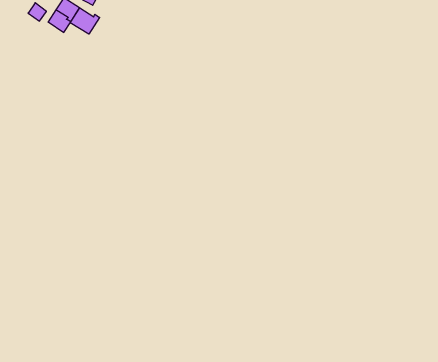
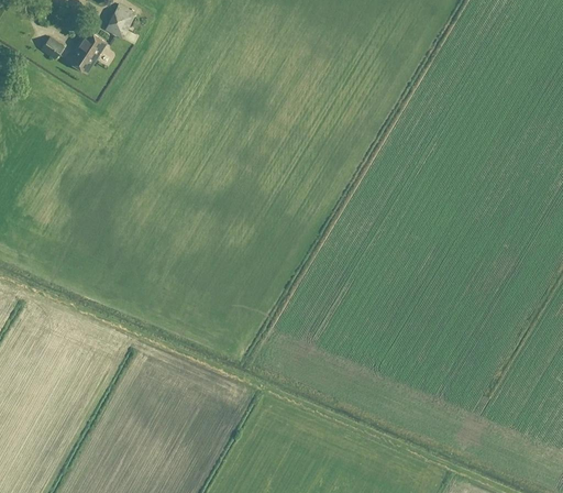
building: [70,8,100,34] -> none

